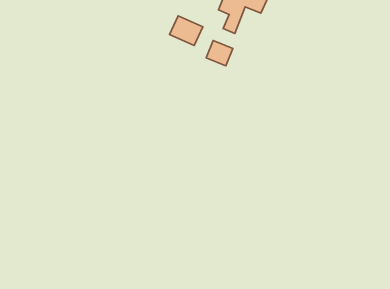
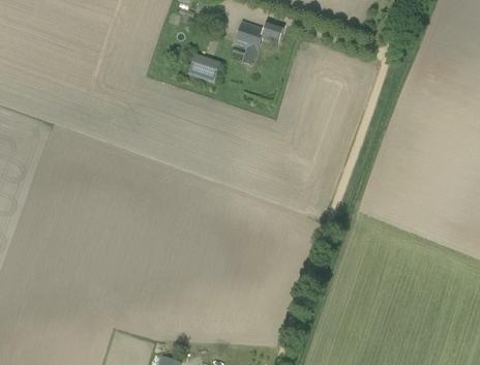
building: [206,40,233,66] -> none

